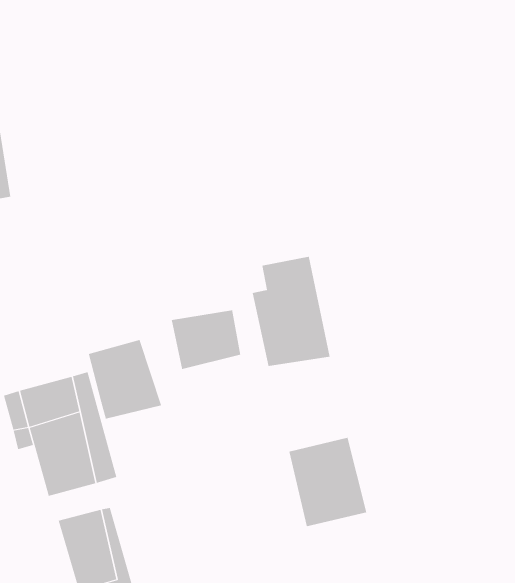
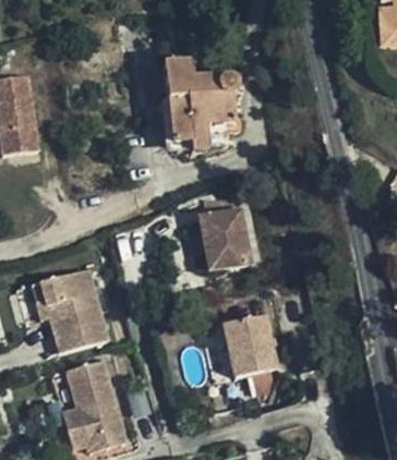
building: none -> [165,58,241,149]
building: [171,310,241,370] -> none
building: [88,339,162,419] -> none

